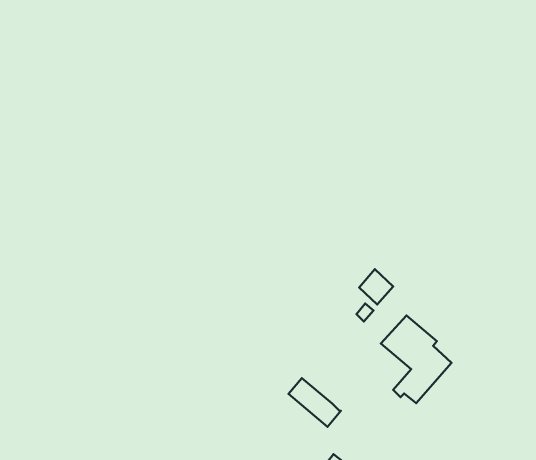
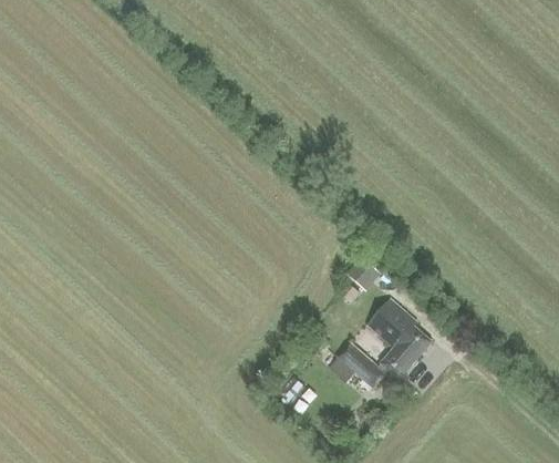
building: [289,378,341,427] -> [337,342,384,387]

